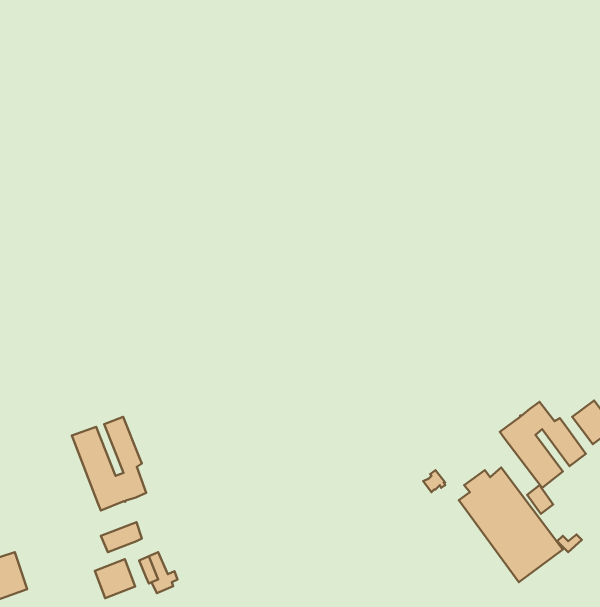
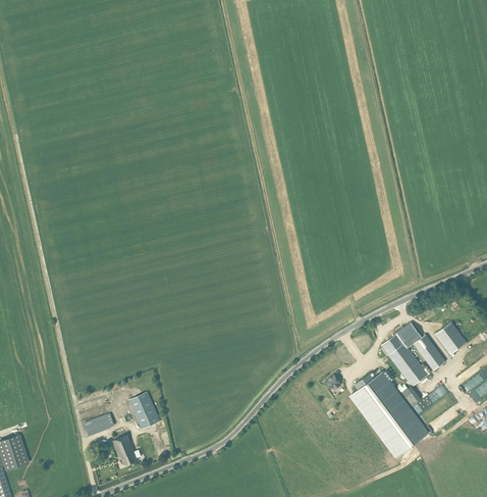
building: [72,417,146,510] -> none
building: none -> [128,391,160,429]
building: [95,559,135,598] -> none

